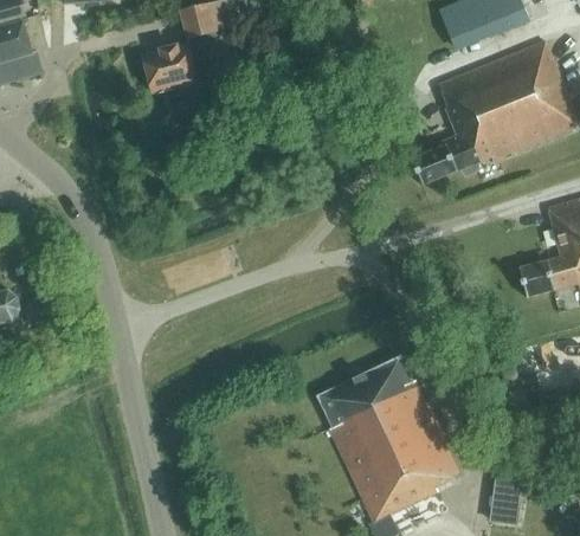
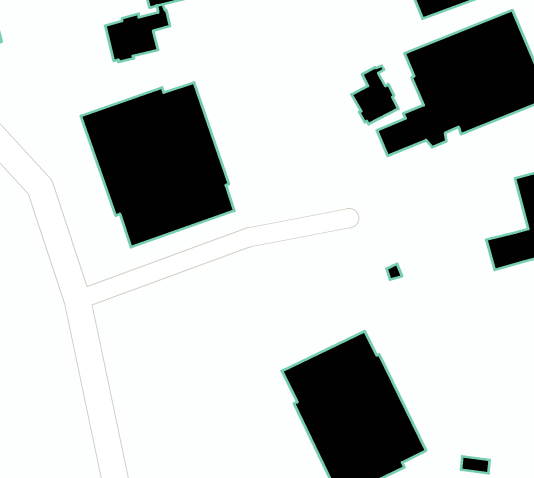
building: none -> [351,66,398,124]
building: none -> [81,82,234,247]

